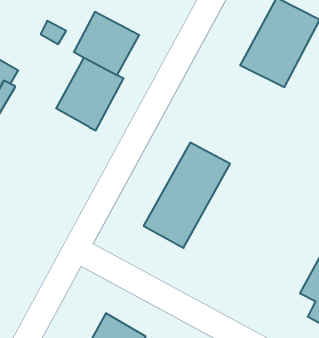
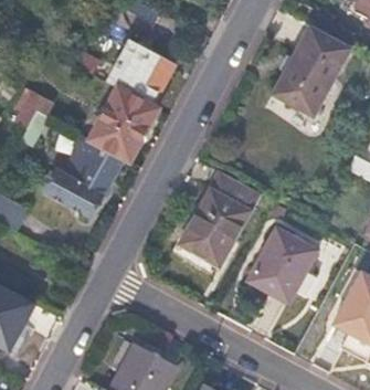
building: none -> [45,134,121,215]
building: none -> [247,228,315,302]

